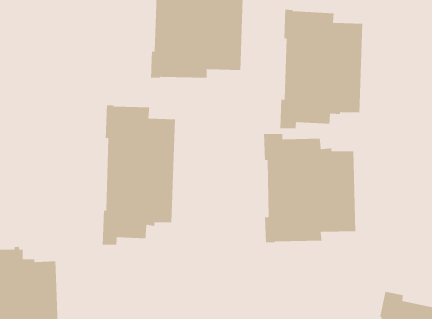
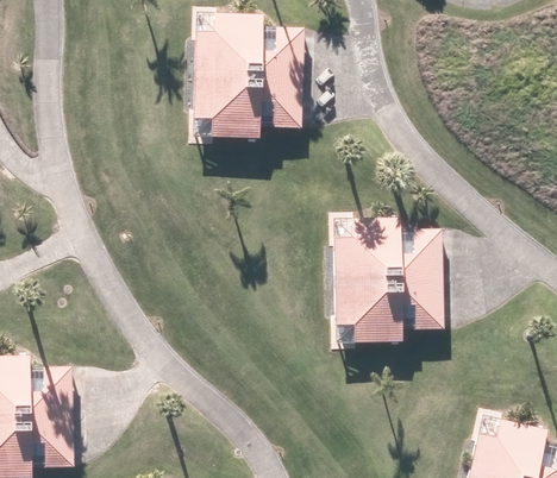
building: [280,9,363,129] -> none
building: [102,104,176,245] -> none

